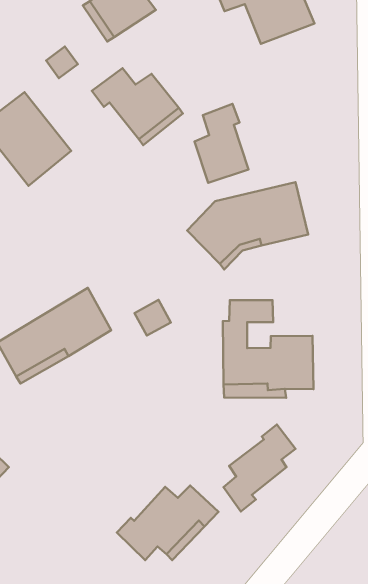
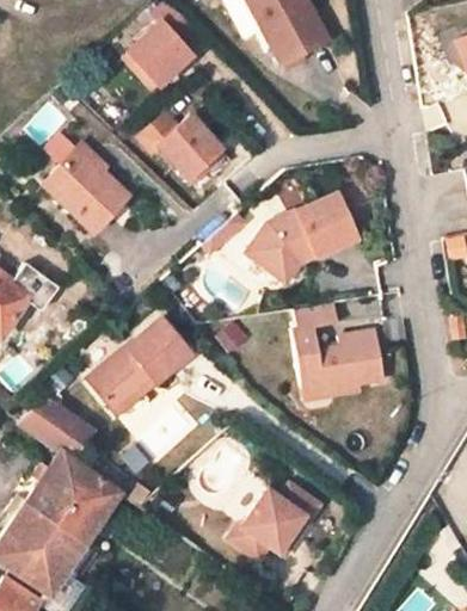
building: [195,104,248,183] -> none
building: [223,425,295,511] -> none

